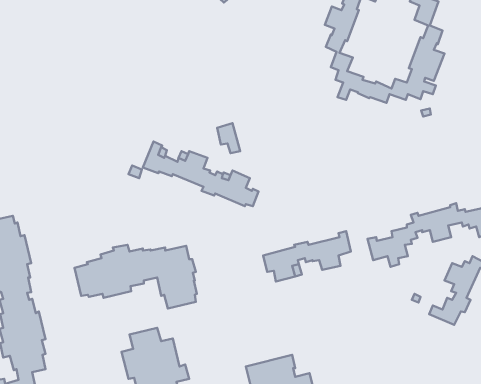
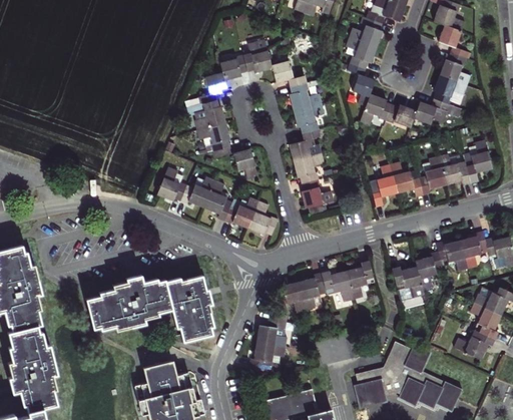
building: none -> [186,40,334,215]
building: none -> [372,140,491,207]
building: none -> [250,313,287,369]
building: none -> [354,342,462,410]

